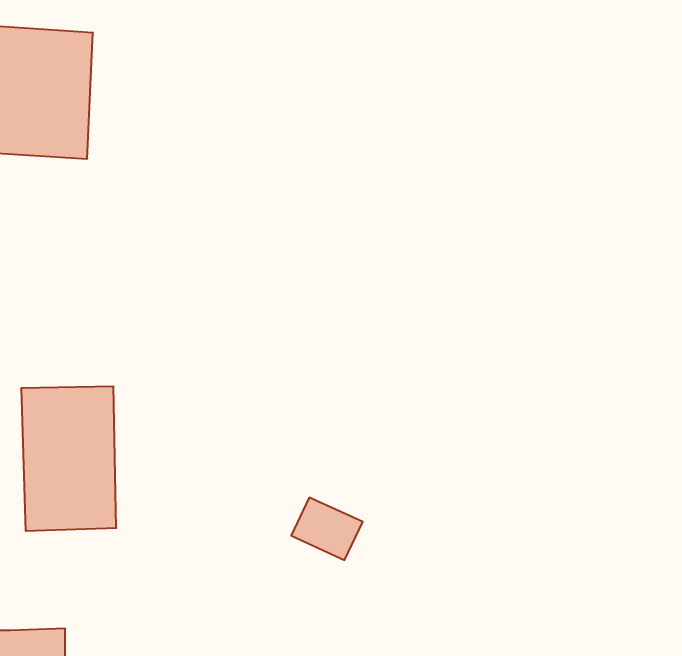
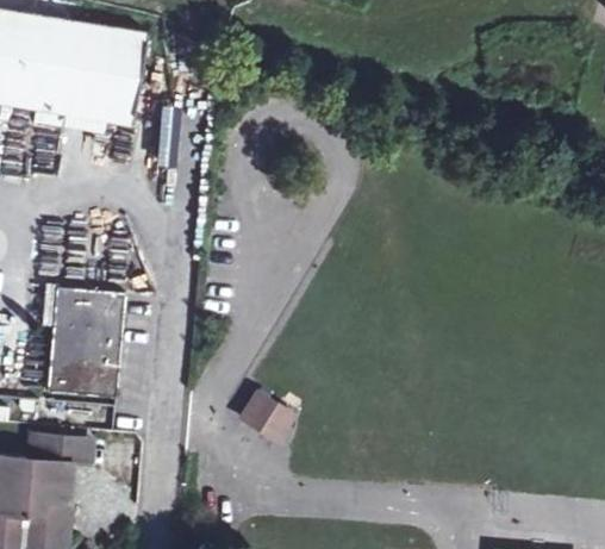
building: none -> [29,438,91,469]

